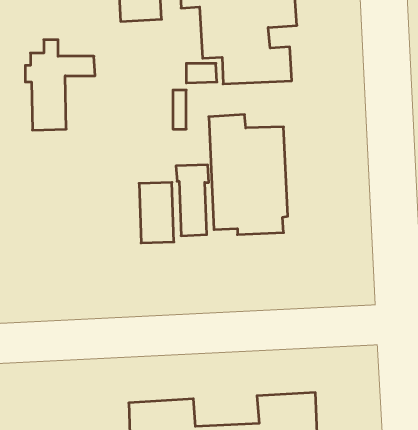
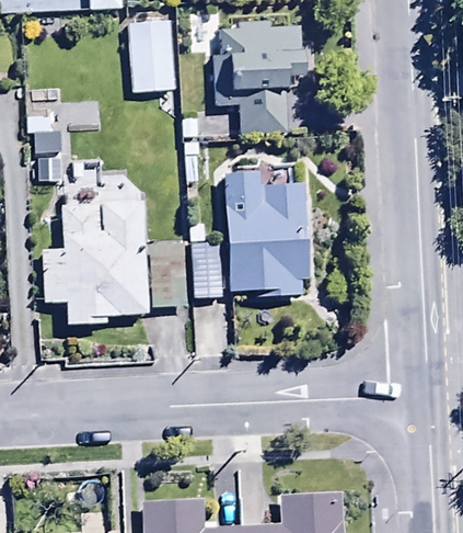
building: none -> [43,181,149,326]

